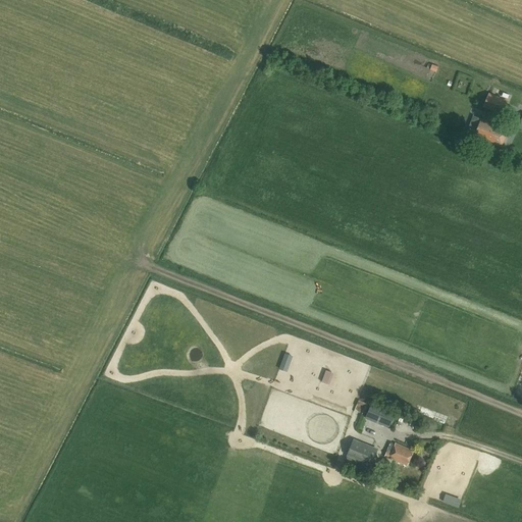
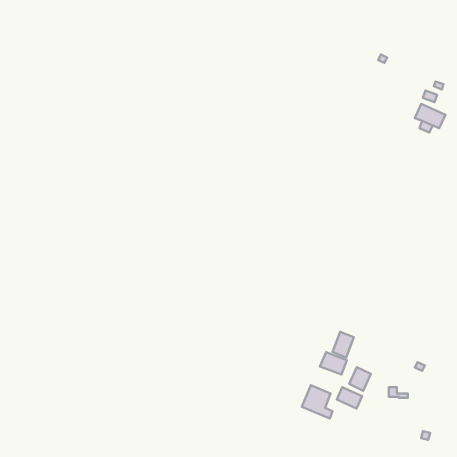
building: none -> [333,332,354,357]
building: none -> [349,367,371,391]

